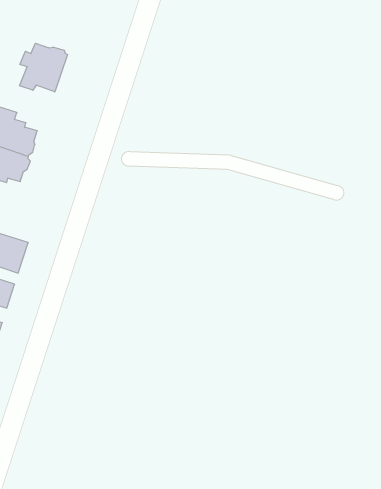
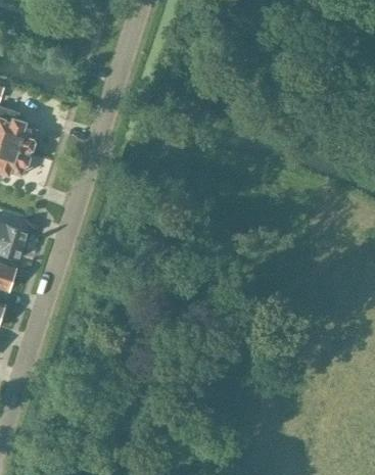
building: [20,43,67,92] -> none

